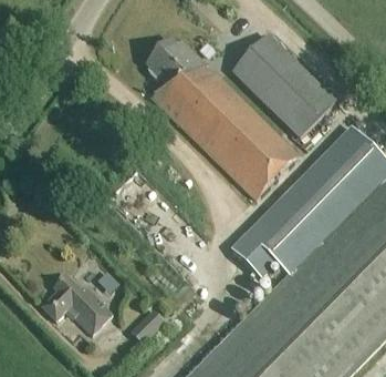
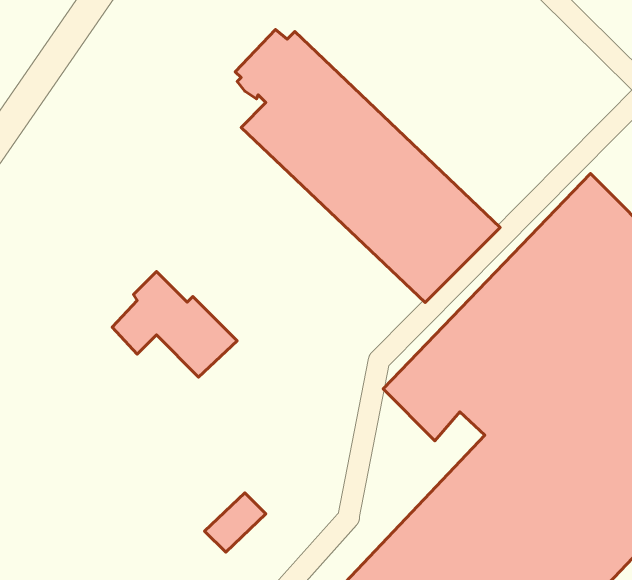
building: [232,35,335,137] -> none
building: [41,272,113,333] -> [112,272,237,377]

